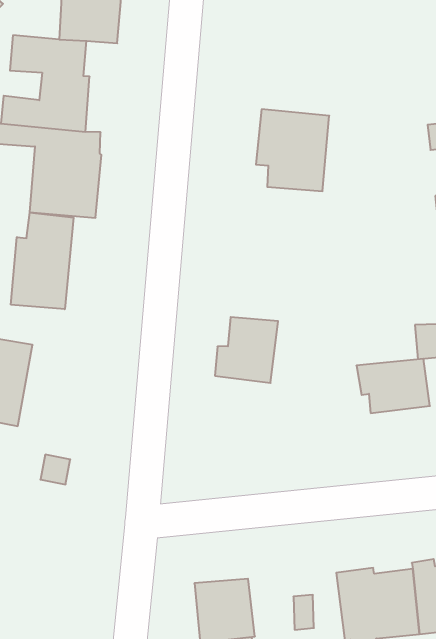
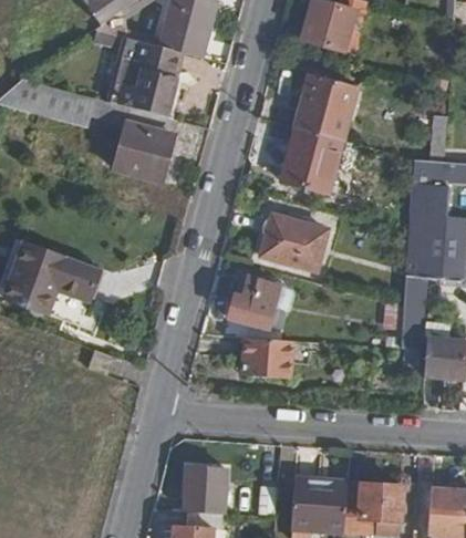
building: none -> [294,73,359,139]
building: [11,212,73,309] -> none
building: none -> [260,215,328,269]
building: [356,359,430,413] -> [244,337,293,375]

